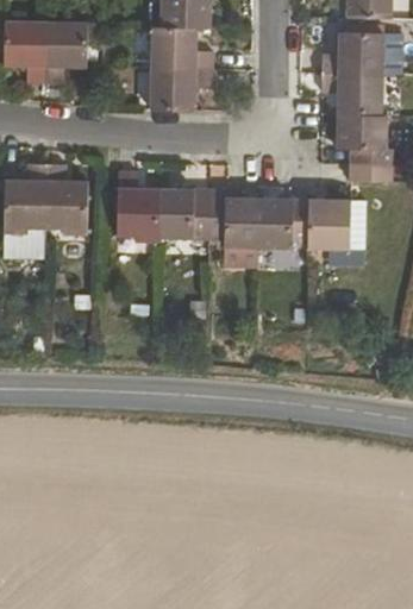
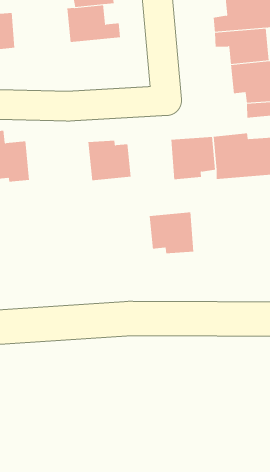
building: [149,68,212,109] -> none
building: [117,172,159,241] -> none
building: [208,196,259,245] -> [149,212,194,254]

